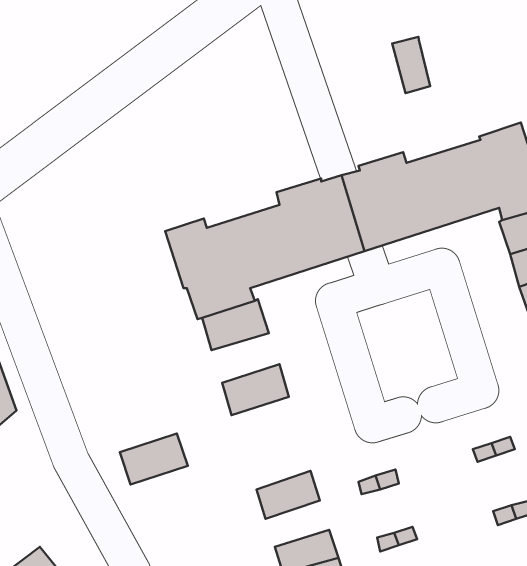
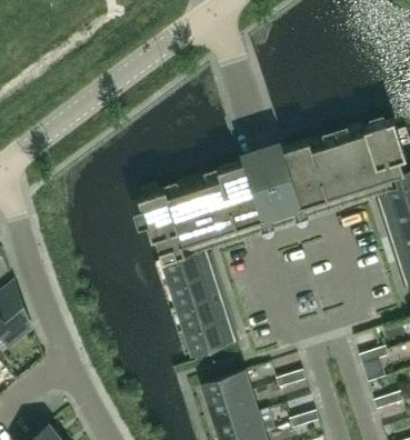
building: [392,37,430,93] -> none
building: none -> [171,271,220,307]
building: [120,433,188,485] -> [186,317,234,353]
building: none -> [210,391,256,424]

